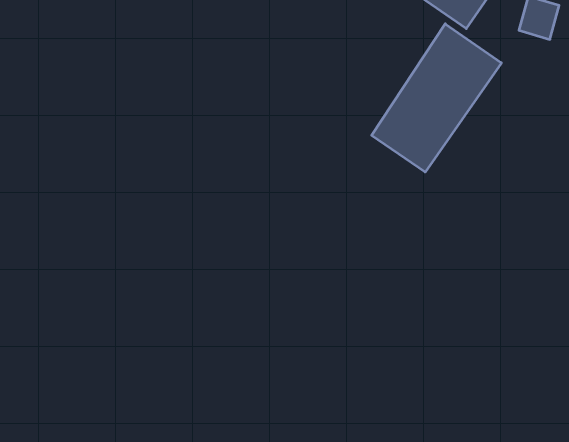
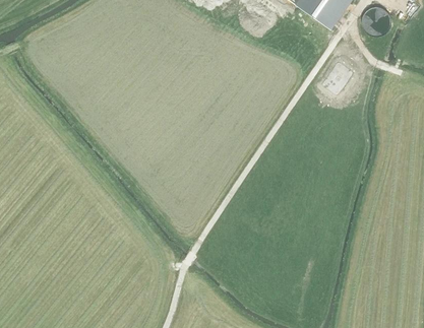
building: [372,24,501,172] -> none

